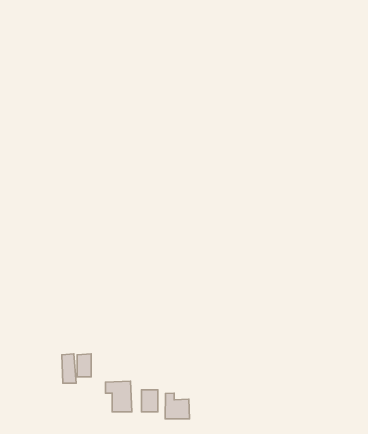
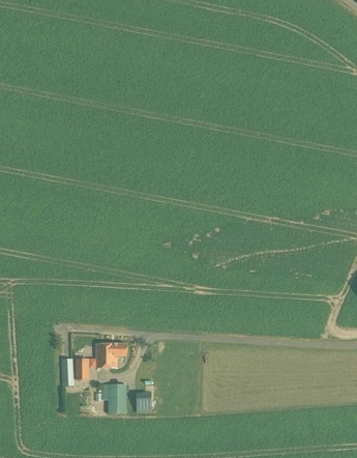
building: none -> [95,343,126,367]
building: [165,393,190,419] -> none

